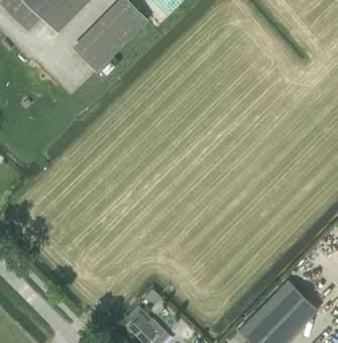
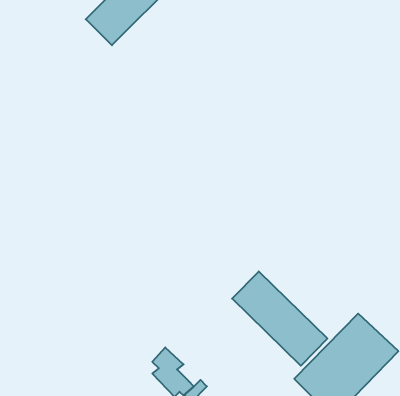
building: none -> [232,271,327,366]

